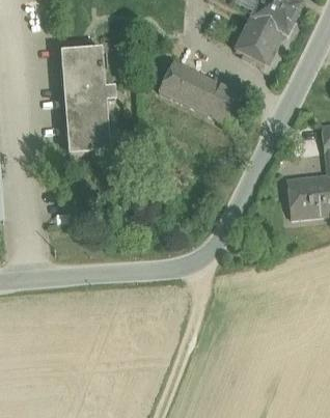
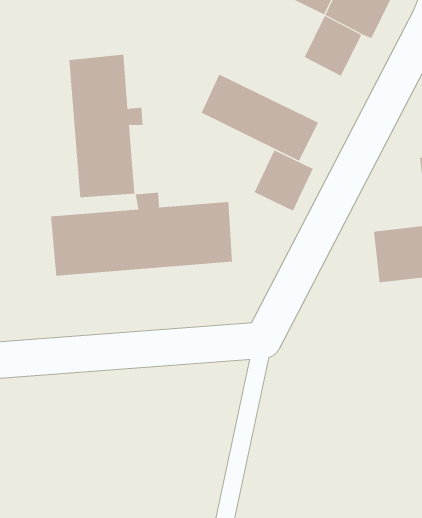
building: none -> [254,149,313,211]
building: none -> [51,192,232,276]

